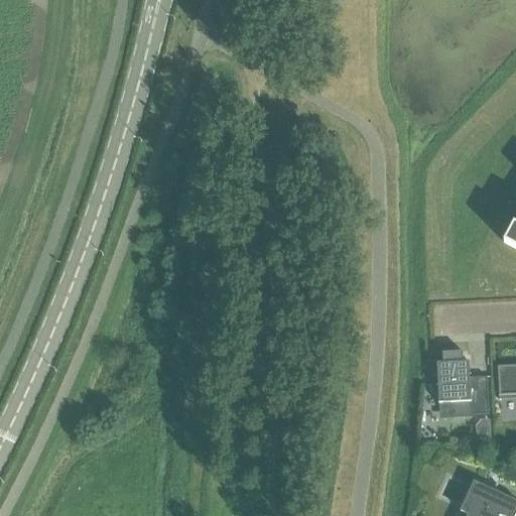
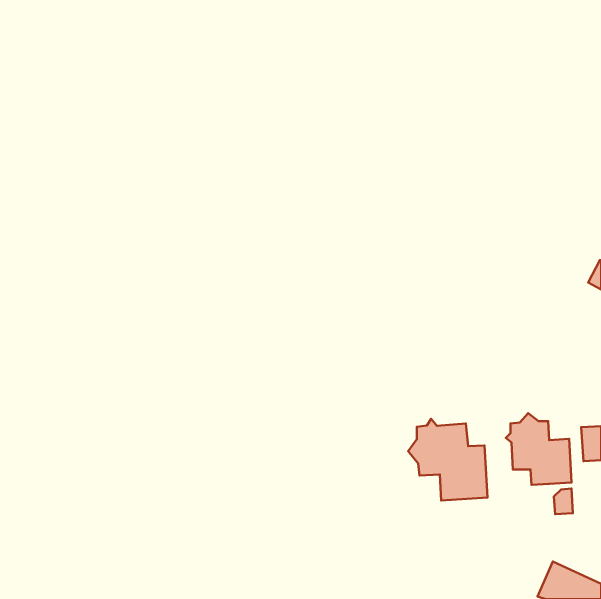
building: none -> [408,419,488,500]

